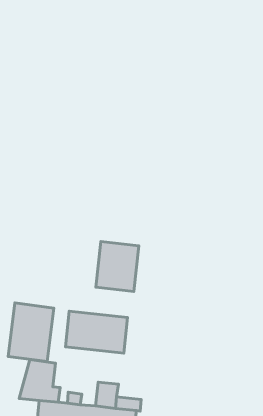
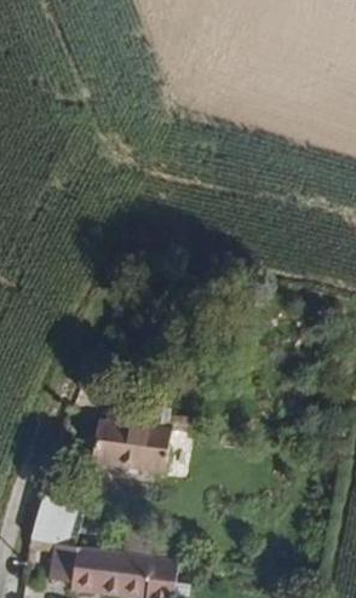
building: [96,242,139,291] -> none
building: [8,303,54,362] -> none

